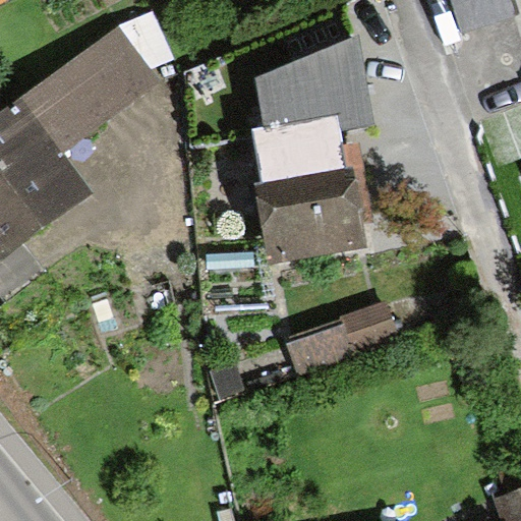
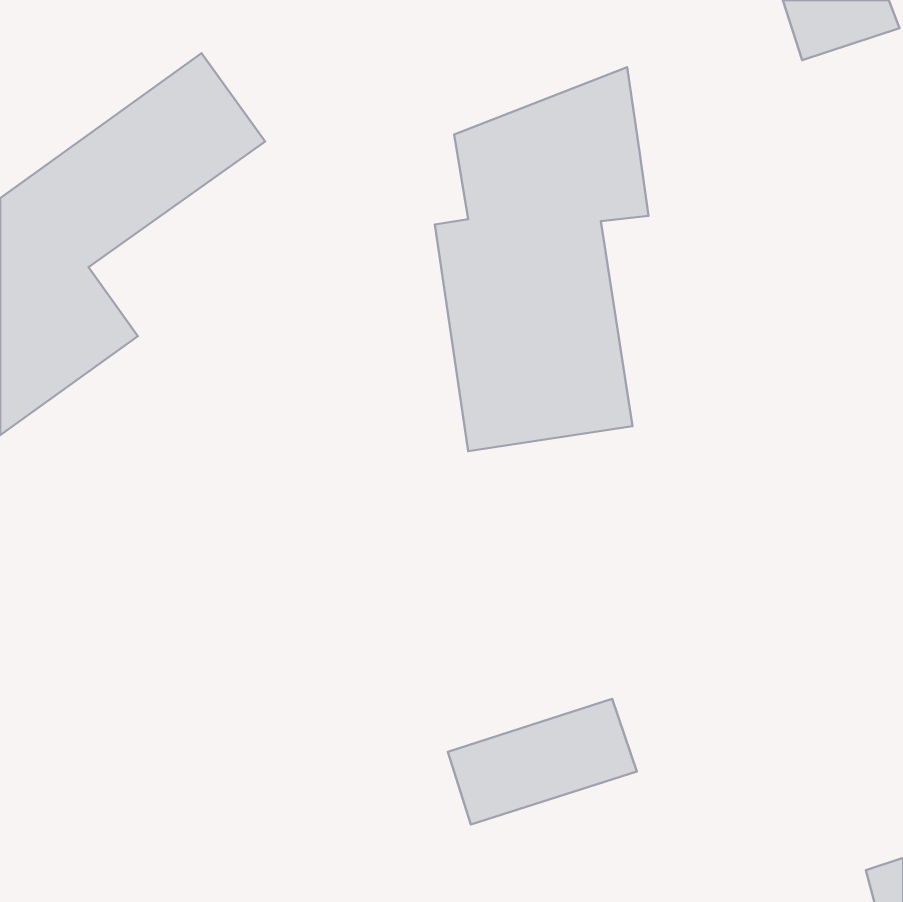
building: [287,300,396,372] -> [448,699,637,825]

